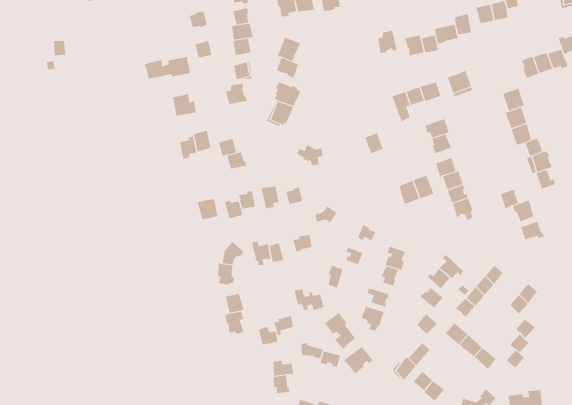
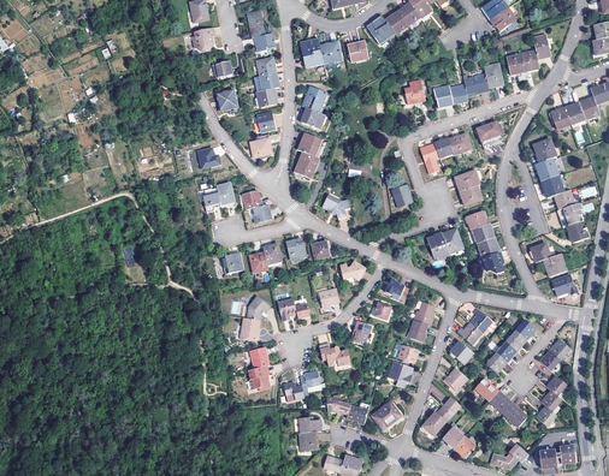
building: [144,56,191,79] -> none
building: [324,312,356,349] -> none

